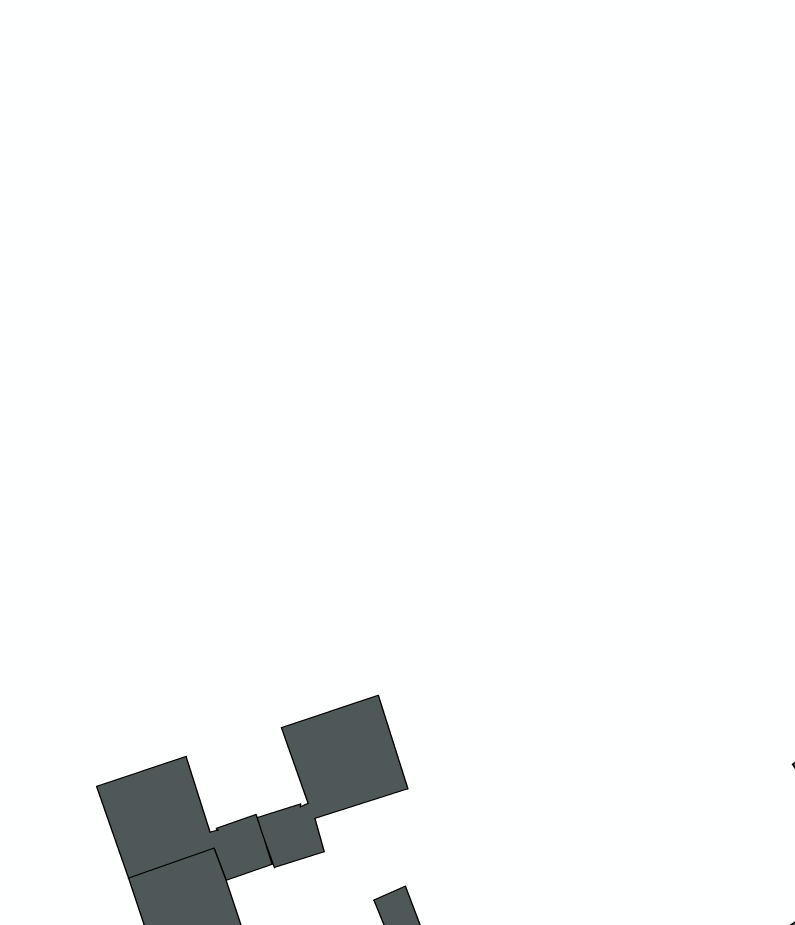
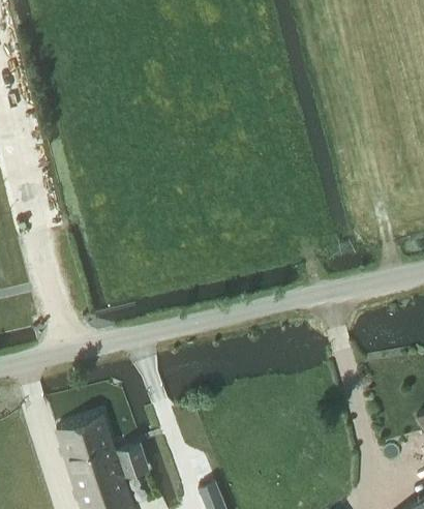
building: [257,695,408,868] -> none

